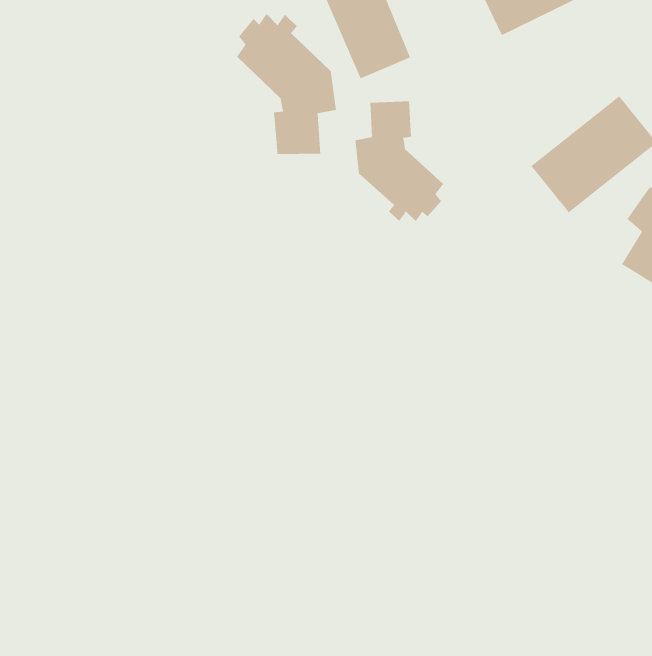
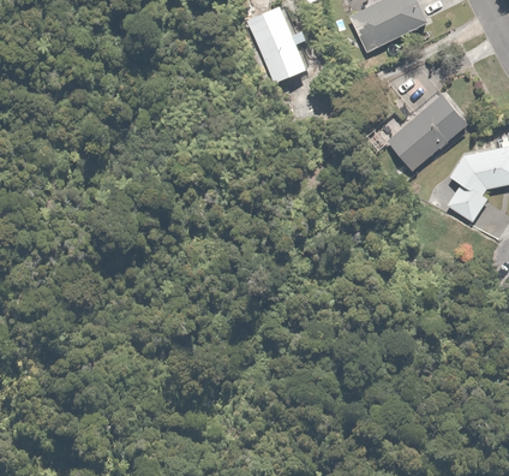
building: [237,13,336,155] -> none
building: [355,101,444,222] -> none

